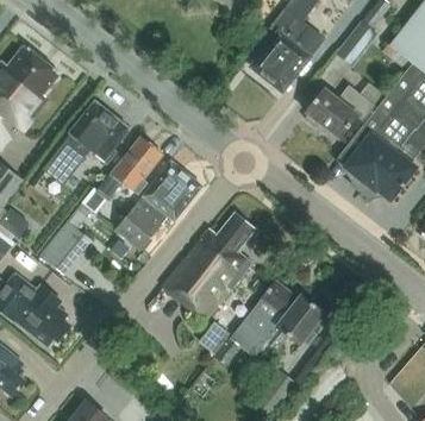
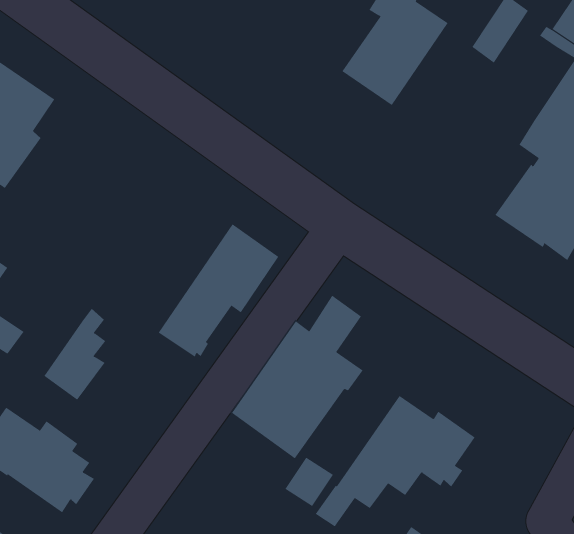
building: [305,86,375,139] -> none
building: [43,101,130,186] -> none
building: [82,137,163,215] -> none

